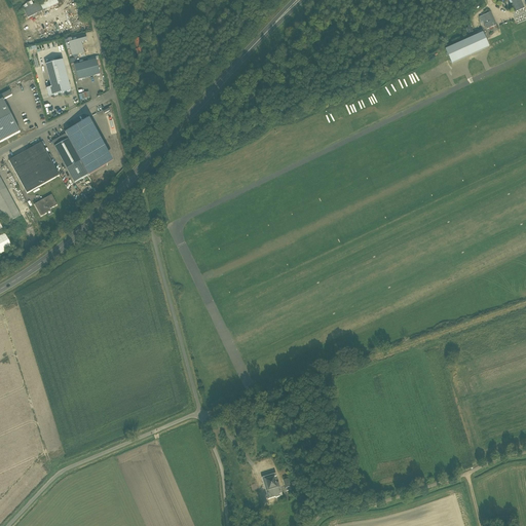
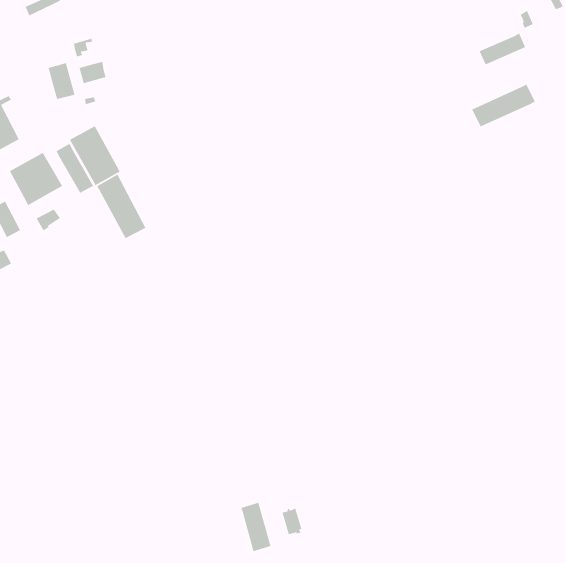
building: none -> [471,83,536,128]
building: none -> [96,174,147,239]
building: none -> [240,502,272,552]

